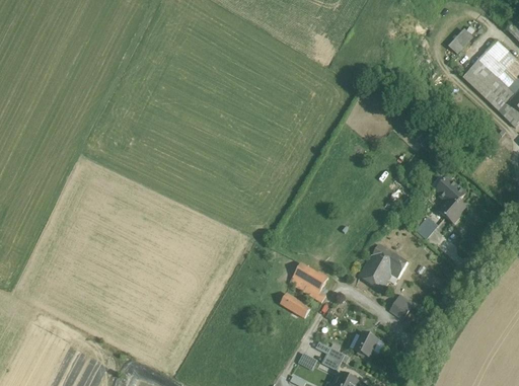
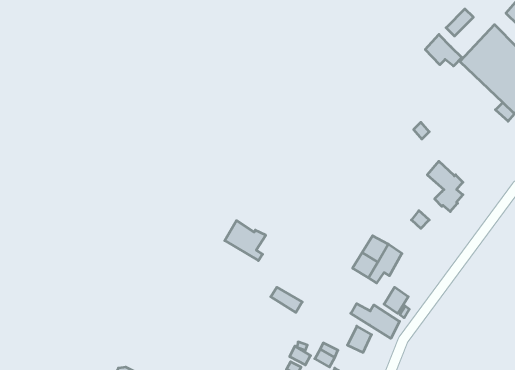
building: none -> [425,34,462,66]
building: [289,263,328,302] -> [225,221,266,261]
building: none -> [351,304,400,338]

